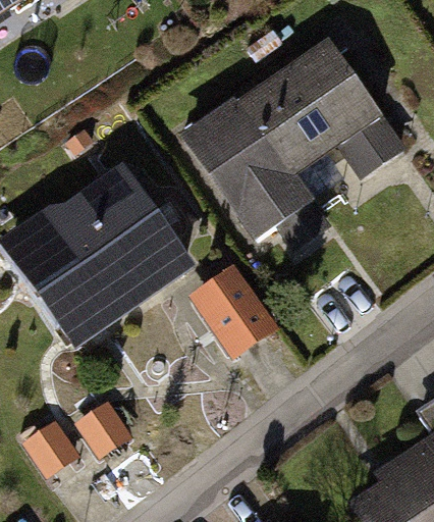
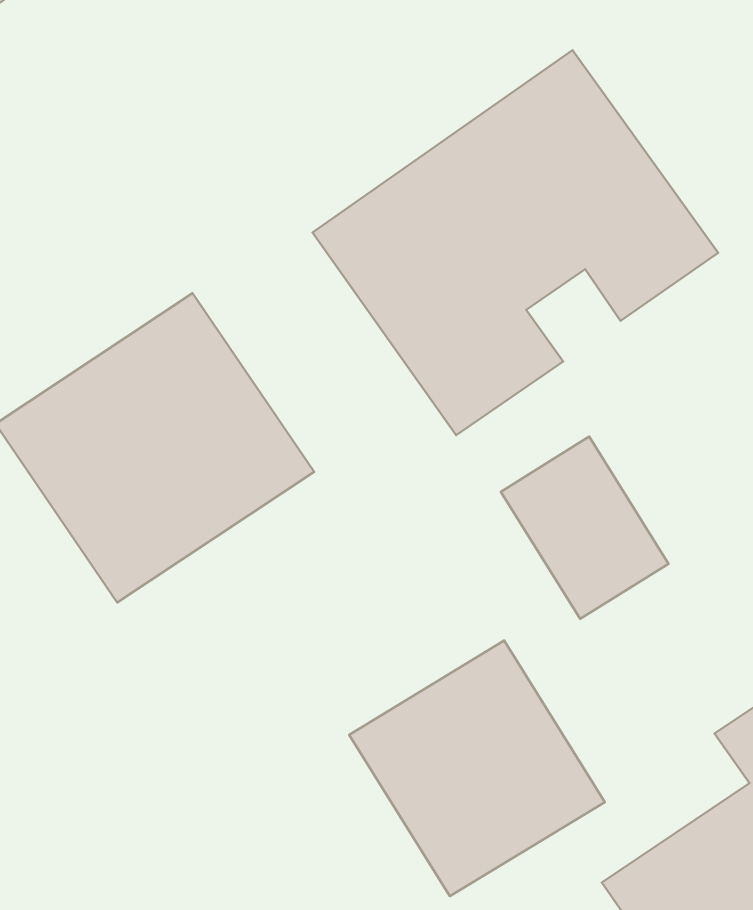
building: [177,257,270,358] -> [501,437,669,619]
building: none -> [349,641,605,896]

